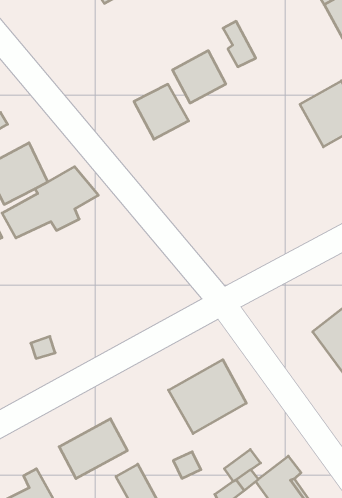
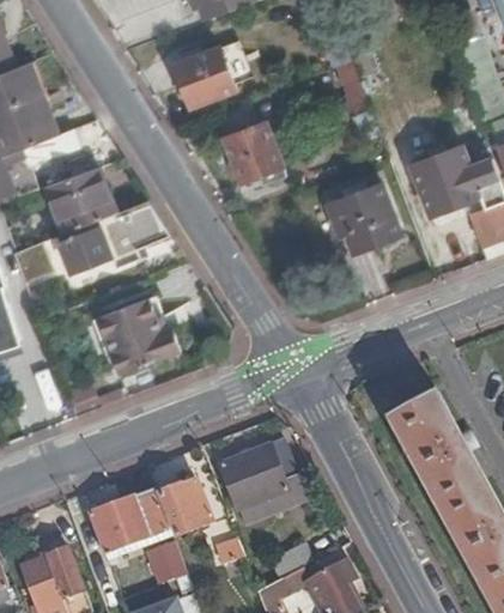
building: none -> [176,45,236,103]
building: [173,51,226,103] -> none
building: none -> [324,182,399,251]
building: none -> [92,297,178,375]
building: none -> [156,480,211,534]

